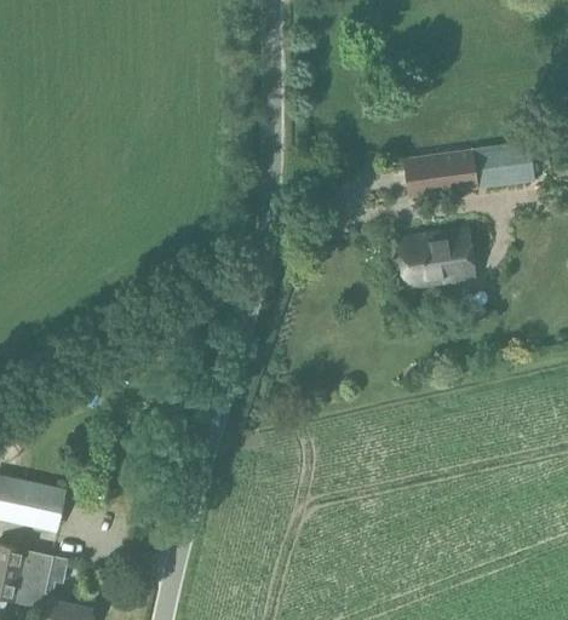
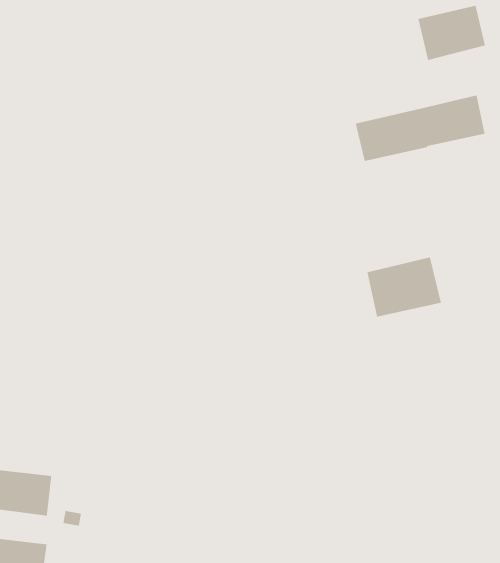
building: none -> [417,5,486,61]
building: [400,230,474,287] -> [366,257,442,317]

